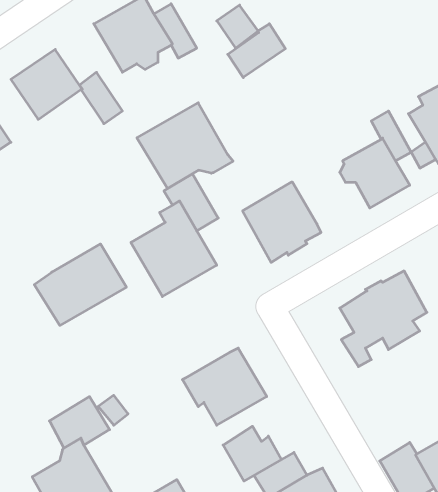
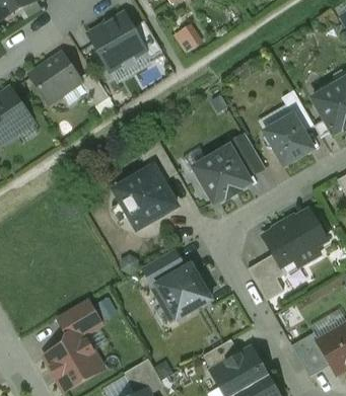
building: [228,24,285,78] -> none
building: [137,103,233,188] -> none
building: none -> [228,135,265,176]
building: [34,244,126,325] -> none
building: none -> [143,248,186,286]
building: none -> [248,258,284,300]
building: [223,426,282,481] -> none

